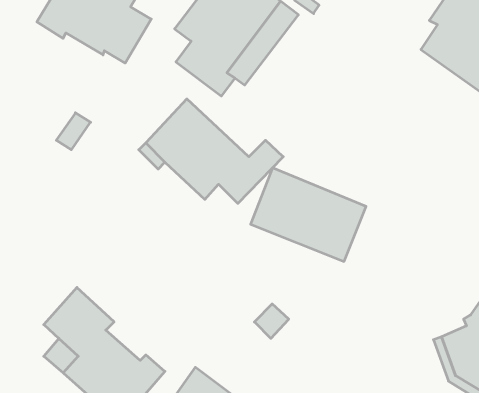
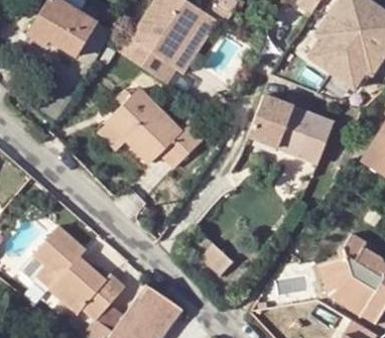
building: [251,168,366,261] -> [249,93,334,161]

